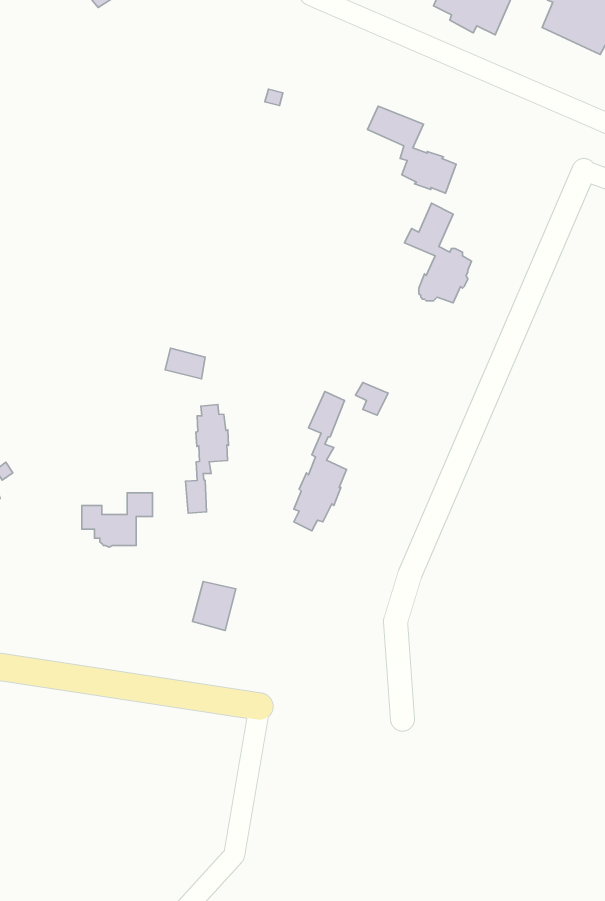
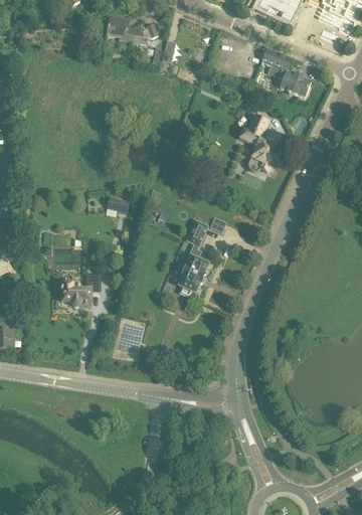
building: none -> [106,15,157,42]
building: [367,106,456,193] -> [260,47,310,96]
building: [185,404,228,513] -> none

